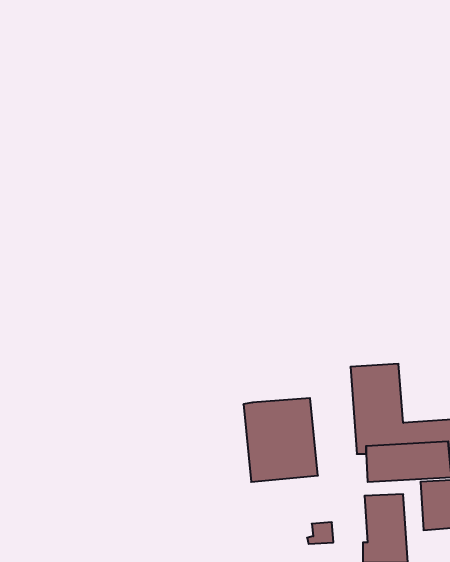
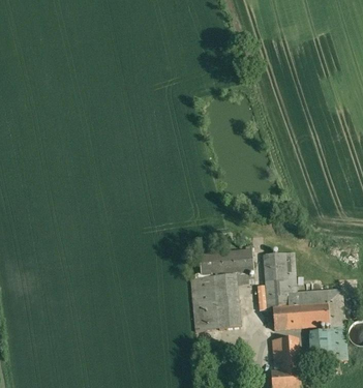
building: none -> [196,246,254,278]

